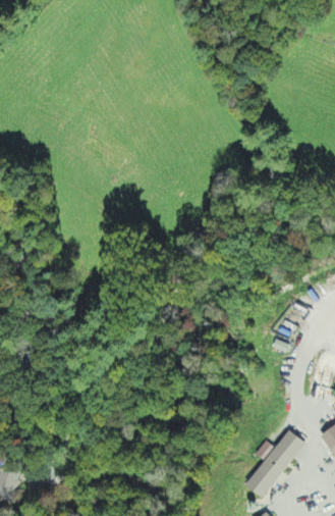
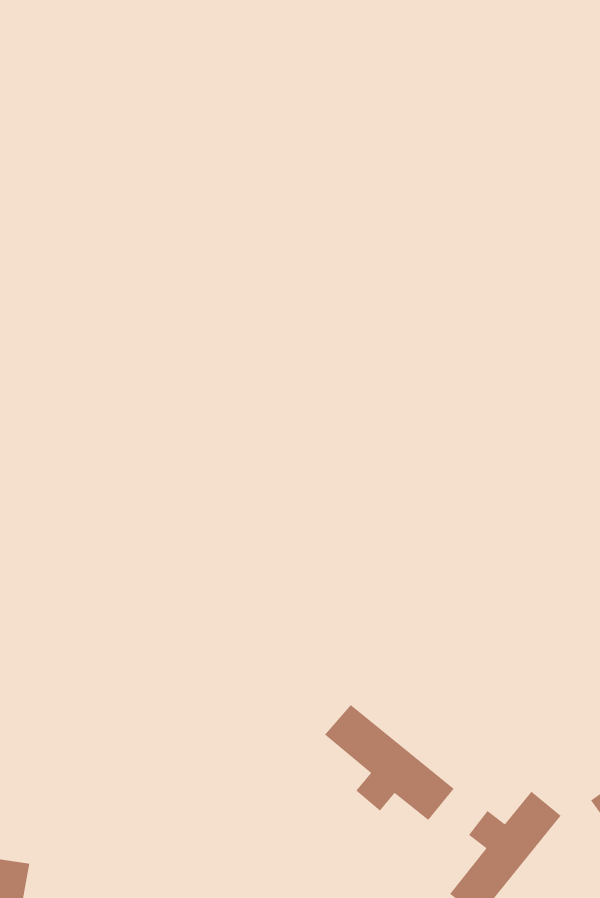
building: none -> [324,704,454,821]

